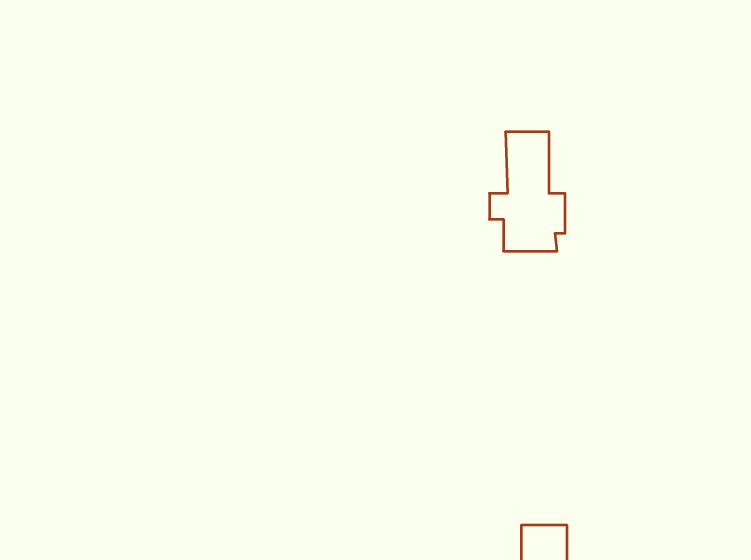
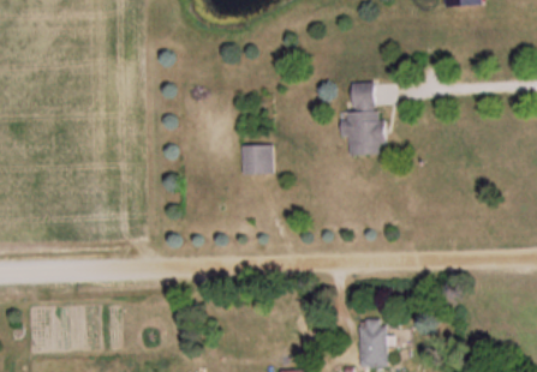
building: none -> [238,145,269,174]

